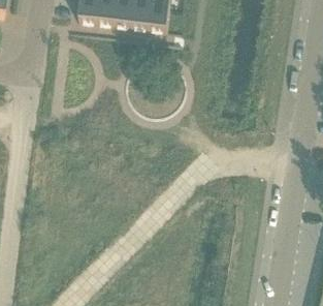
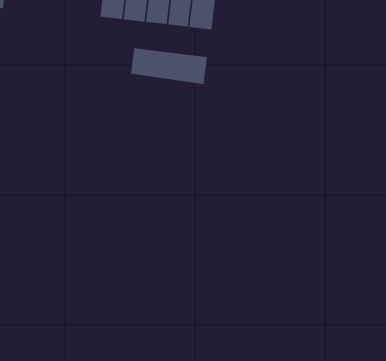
building: none -> [131,47,207,85]

